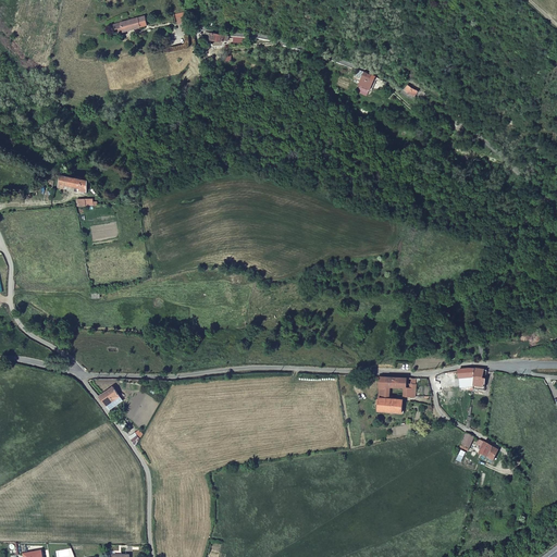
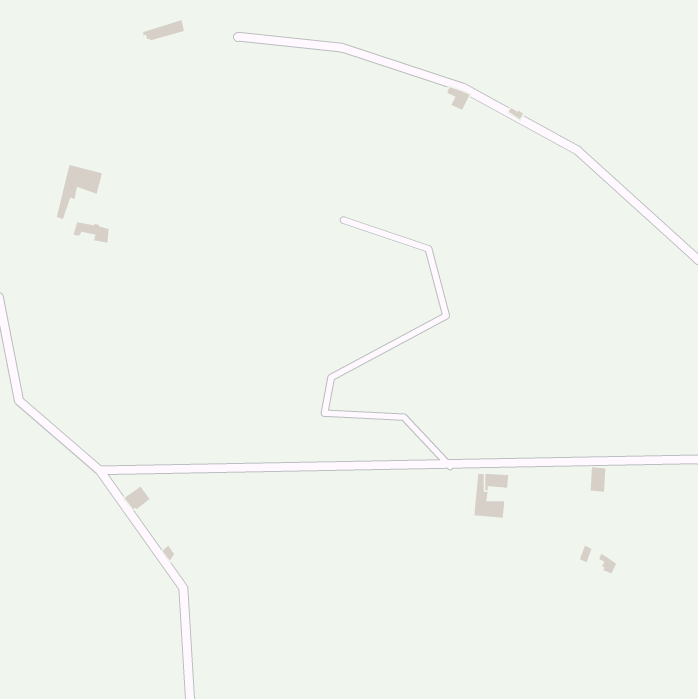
building: none -> [56,164,103,220]

